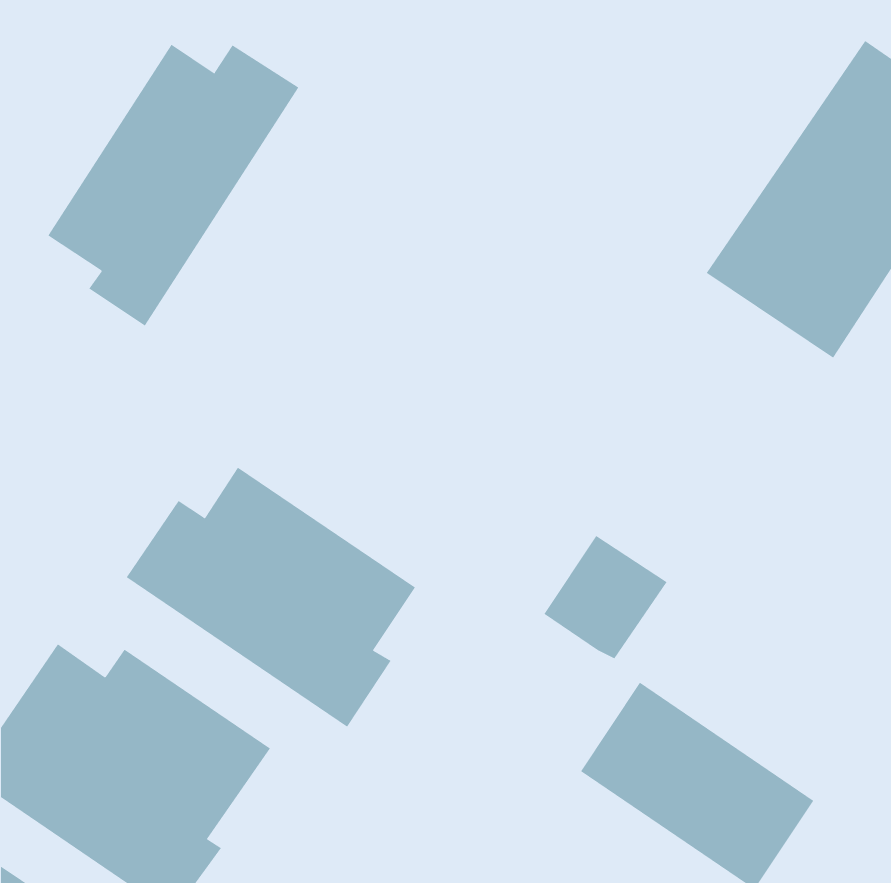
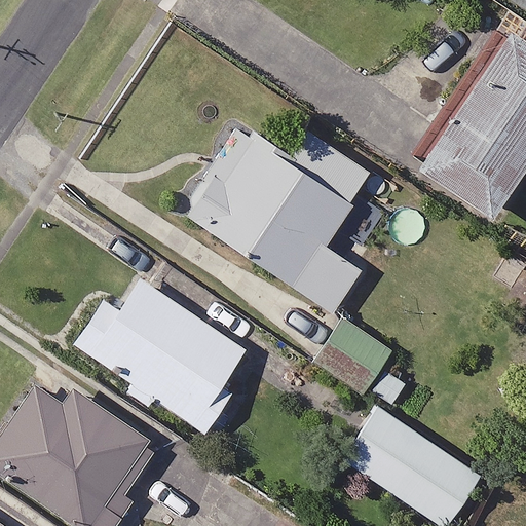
building: [47,44,299,327] -> none
building: none -> [183,127,370,312]

